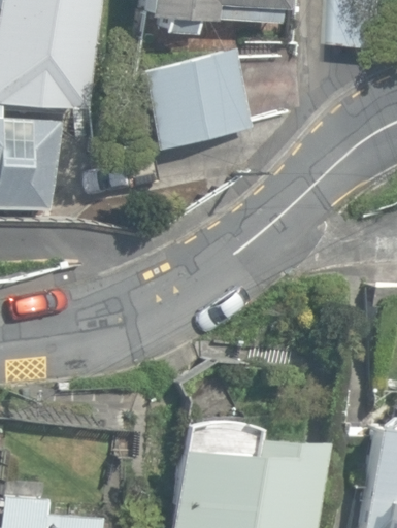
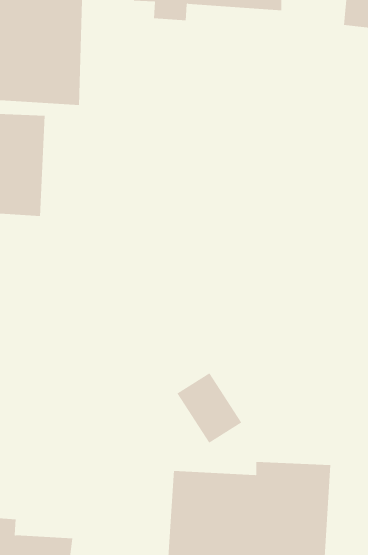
building: [138,46,252,148] -> none

